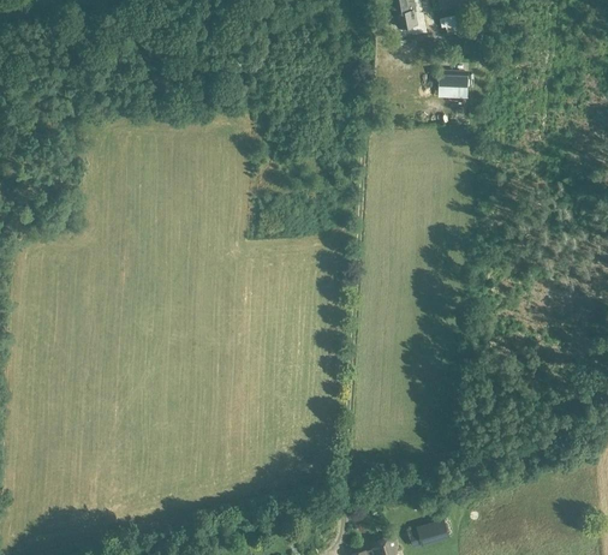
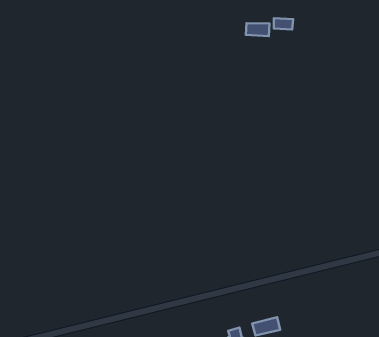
building: none -> [246,23,269,36]

